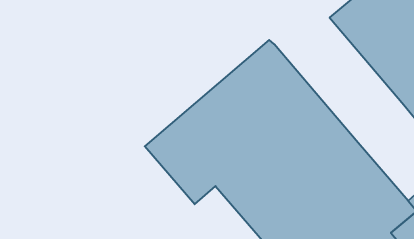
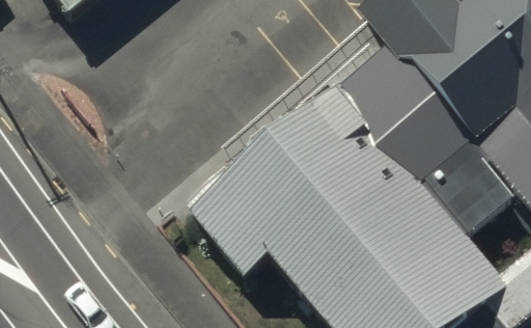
building: none -> [341,42,497,207]

